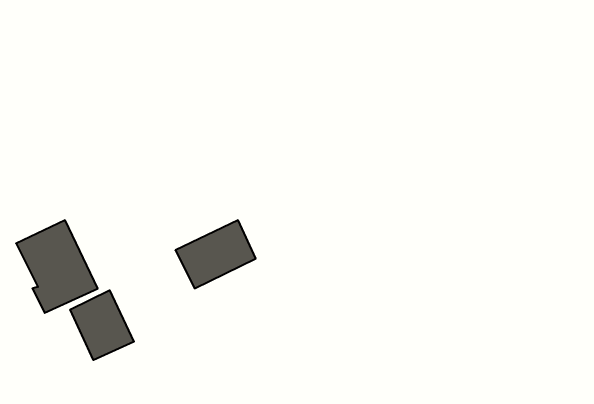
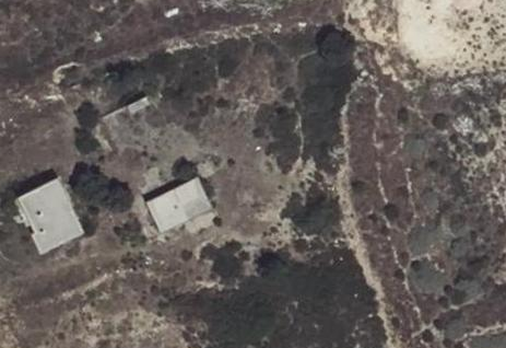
building: [70,290,134,360] -> none

